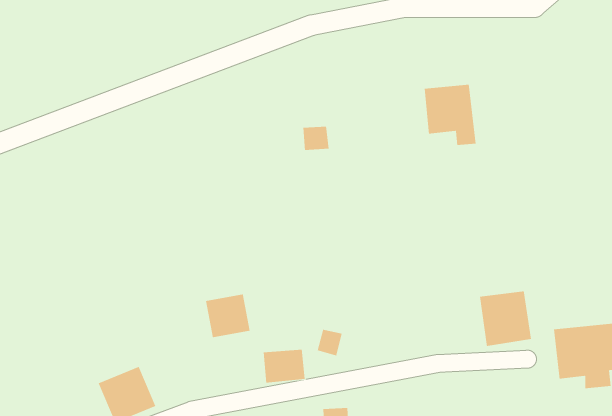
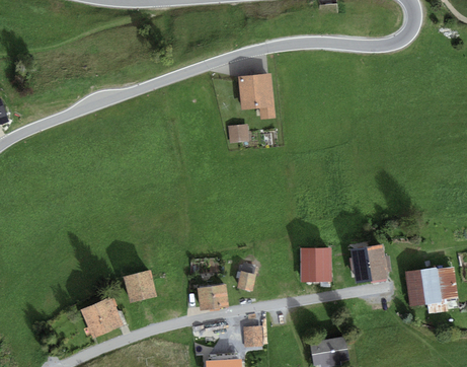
building: [424,84,477,145] -> [239,74,277,118]
building: [205,294,251,338] -> [125,271,157,302]
building: none -> [301,247,331,280]

